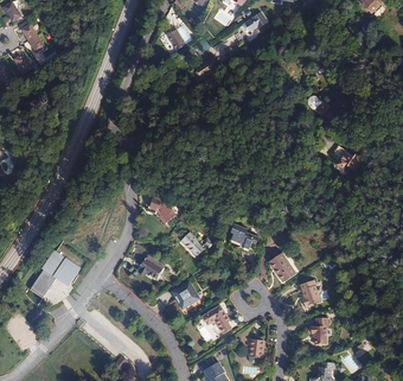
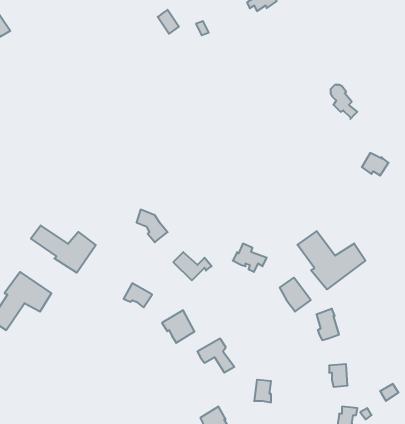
building: none -> [31,225,96,273]
building: none -> [297,231,365,289]

